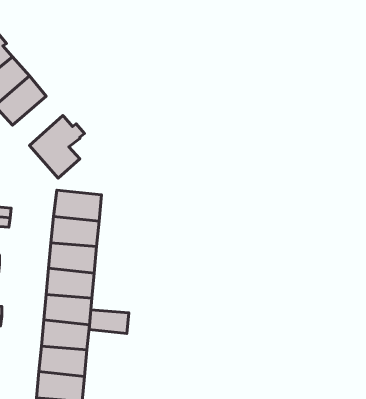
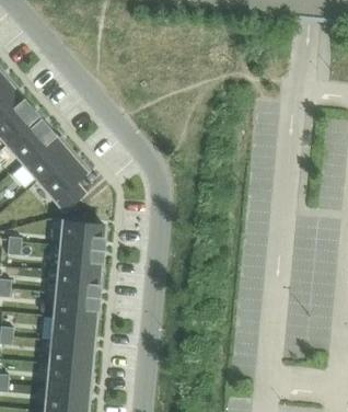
building: none -> [25,118,76,163]
building: [89,310,129,333] -> none

